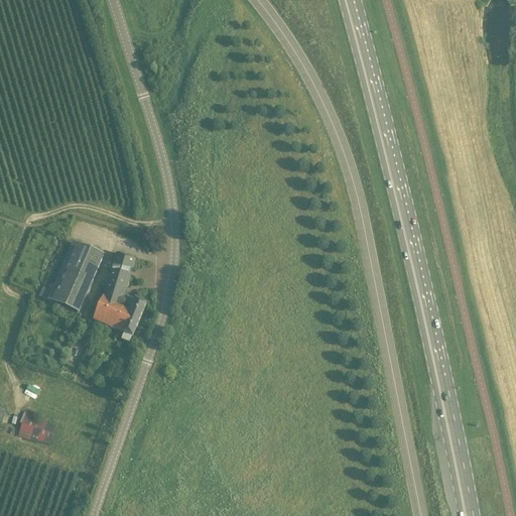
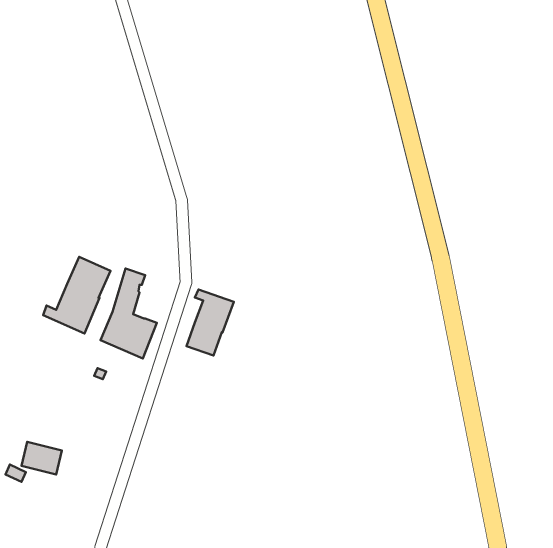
building: none -> [187,290,234,356]

